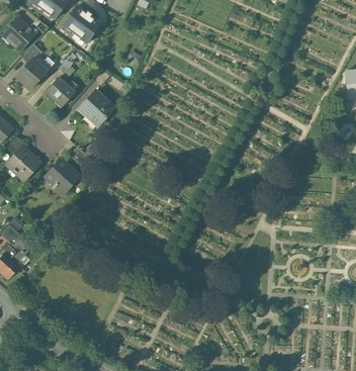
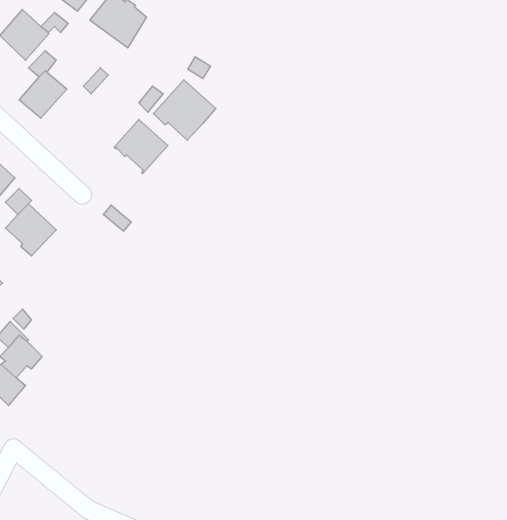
building: none -> [153,80,216,140]
building: [47,78,75,105] -> none
building: [44,159,80,193] -> none

